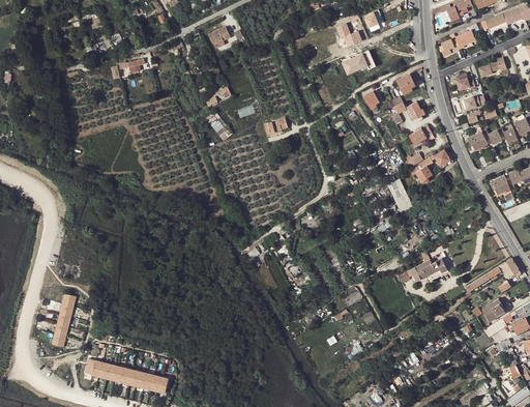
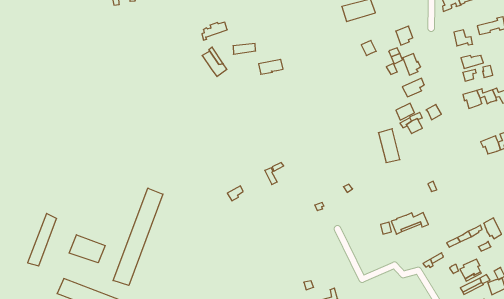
building: none -> [113,188,163,285]
building: none -> [69,235,105,263]

